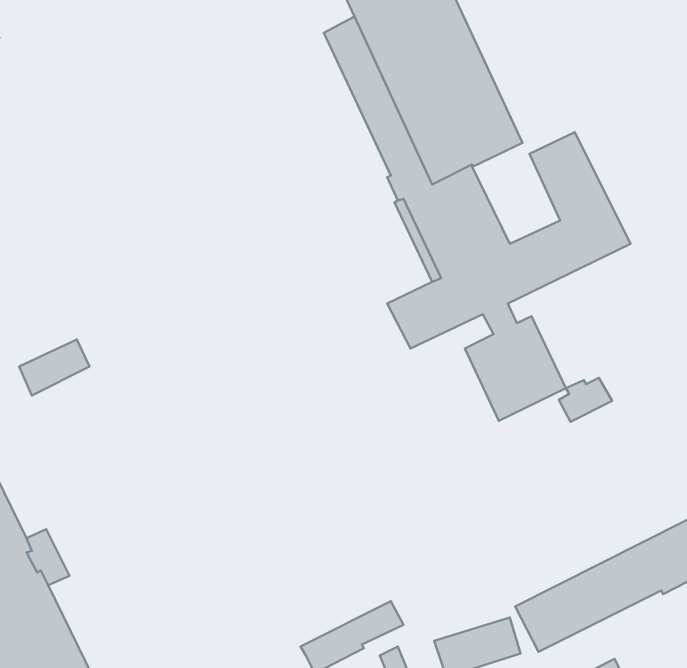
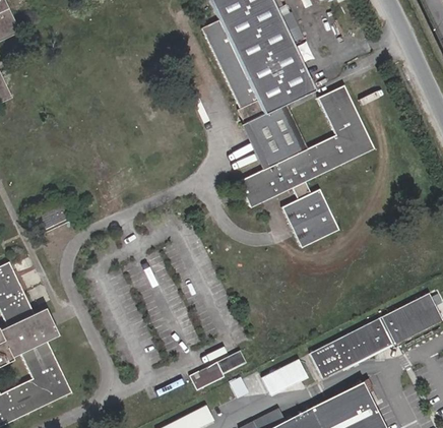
building: [559,378,612,422] -> none

